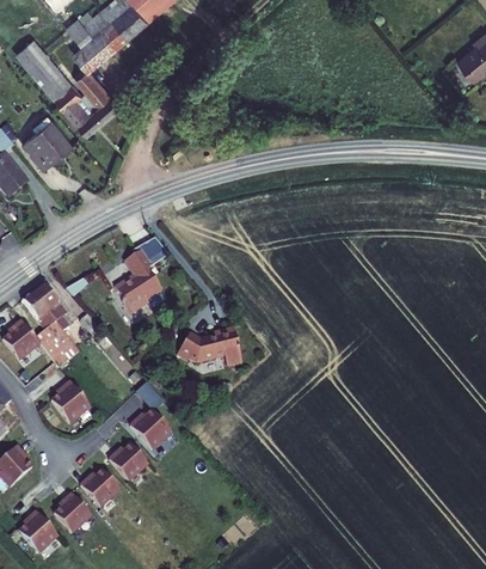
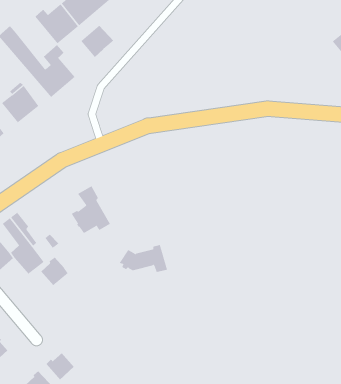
building: none -> [81,25,114,58]
building: [53,383,90,421] -> [40,257,68,286]
building: [129,409,171,448] -> none
building: [109,442,147,479] -> none

